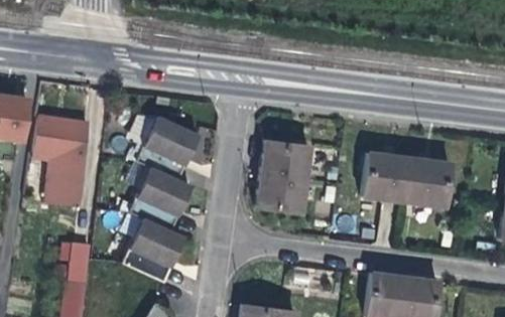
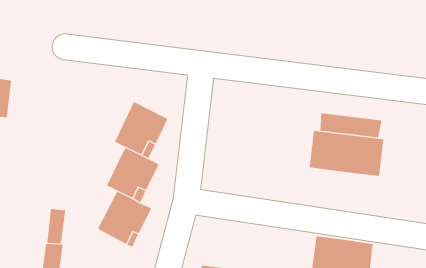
building: [33,116,88,204] -> none
building: none -> [320,112,382,138]
building: [256,139,307,212] -> none

